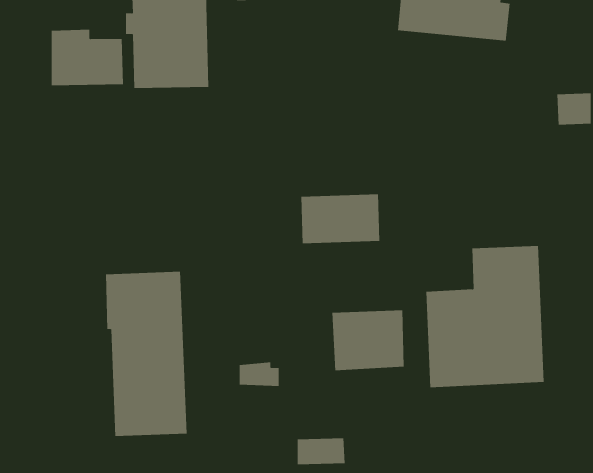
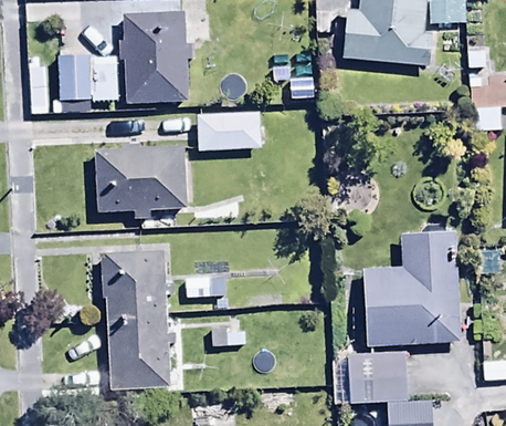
building: none -> [94,146,186,219]
building: [301,194,380,244] -> [196,110,261,150]
building: [332,310,405,371] -> [348,352,408,402]

